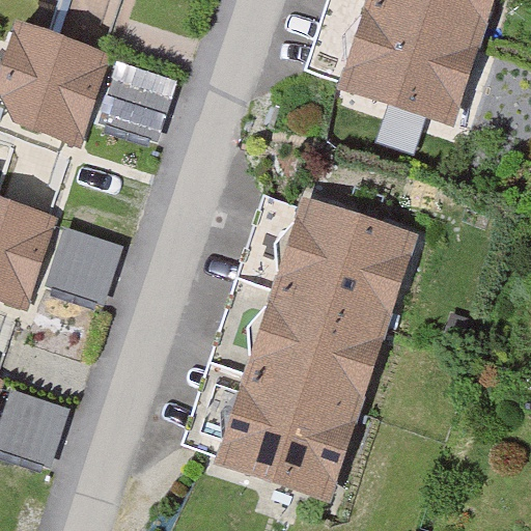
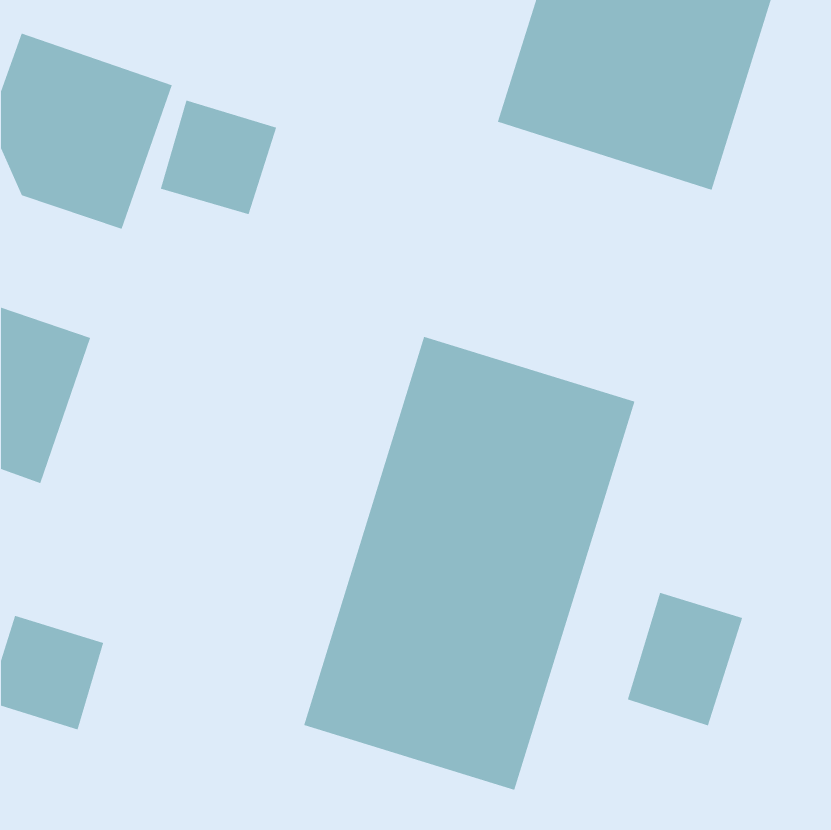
building: [49,226,123,300] -> none
building: none -> [627,592,743,727]

